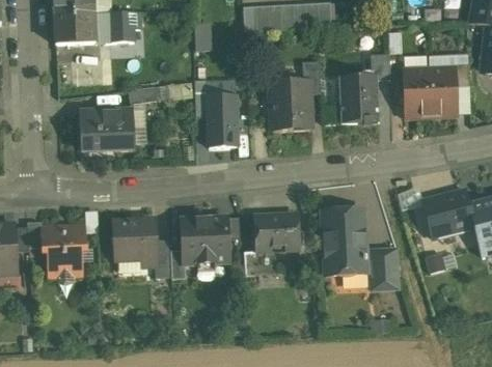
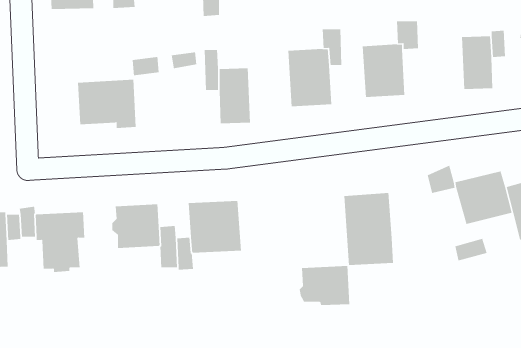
building: [402,67,431,116] -> none
building: [252,214,299,250] -> [299,266,350,306]
building: [366,248,400,289] -> none

